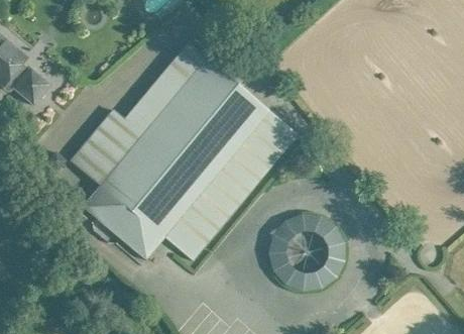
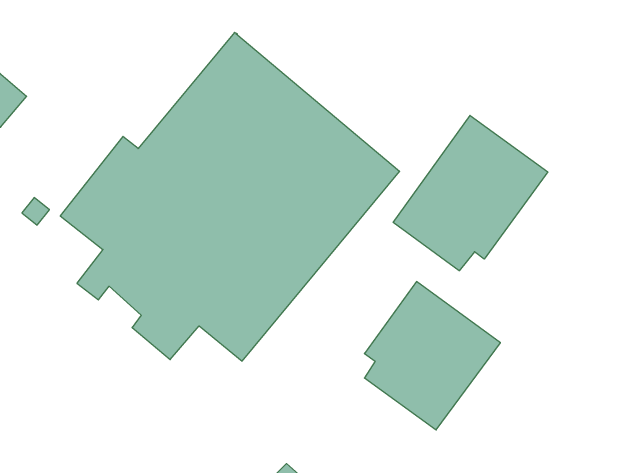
building: none -> [393,115,548,271]

